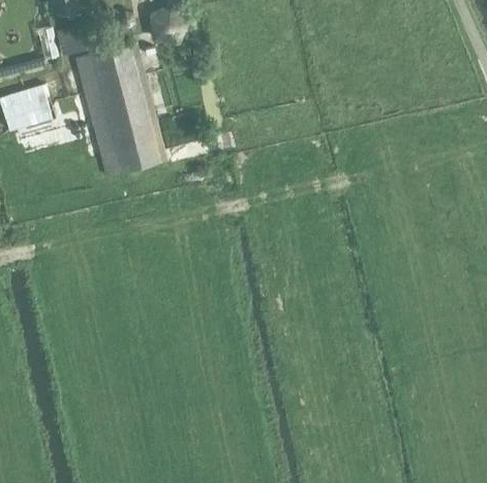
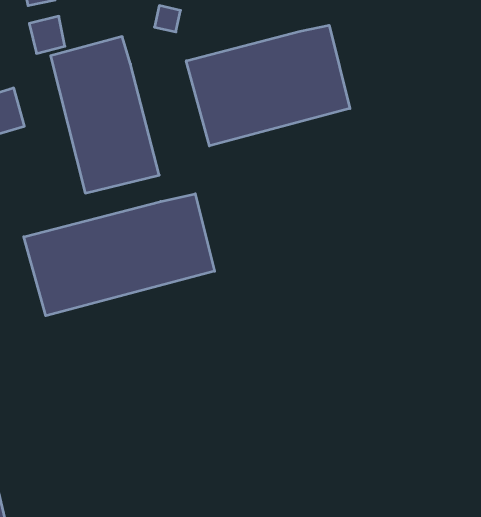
building: none -> [186,25,350,146]
building: none -> [24,194,215,316]

